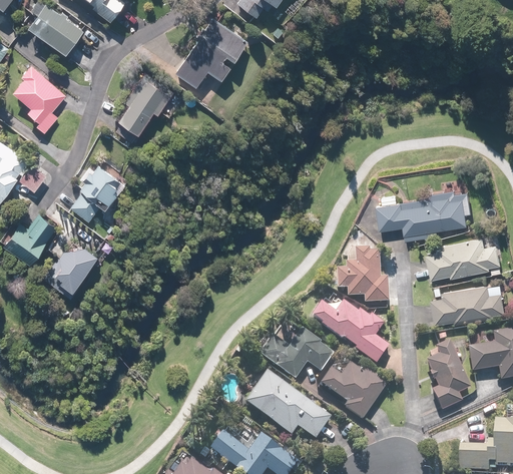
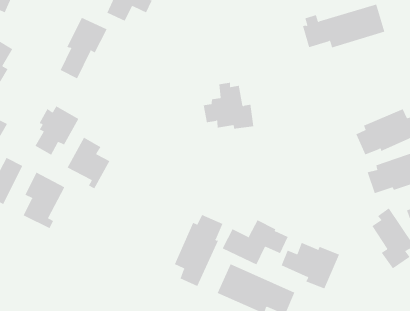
building: [379,194,469,234] -> [302,4,385,48]
building: none -> [67,137,110,189]
building: [336,249,389,302] -> [203,82,254,129]
building: [311,302,389,364] -> none
building: none -> [174,214,223,287]

